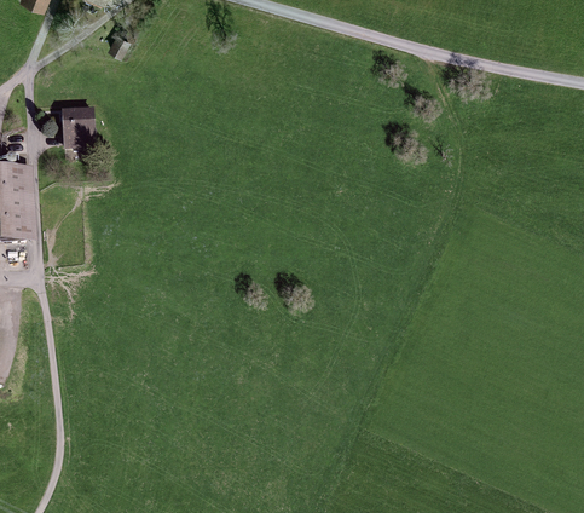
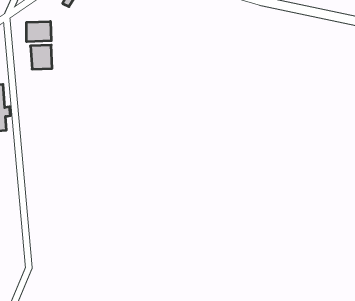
building: none -> [27,21,51,42]

